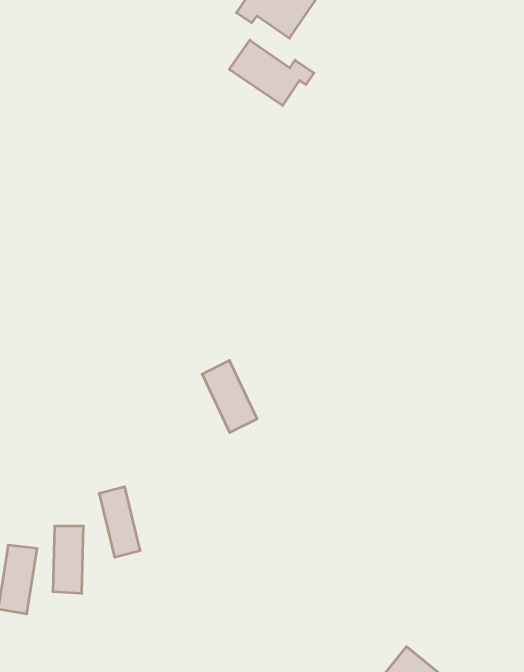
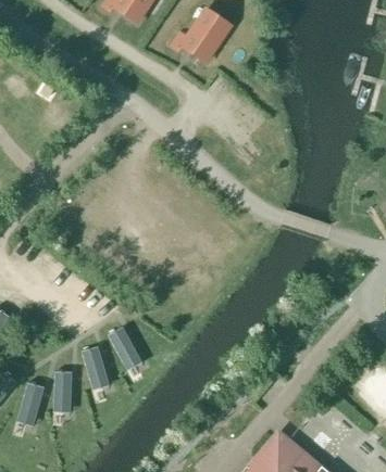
building: [229,40,314,106] -> none
building: [202,360,257,433] -> [108,324,142,370]

